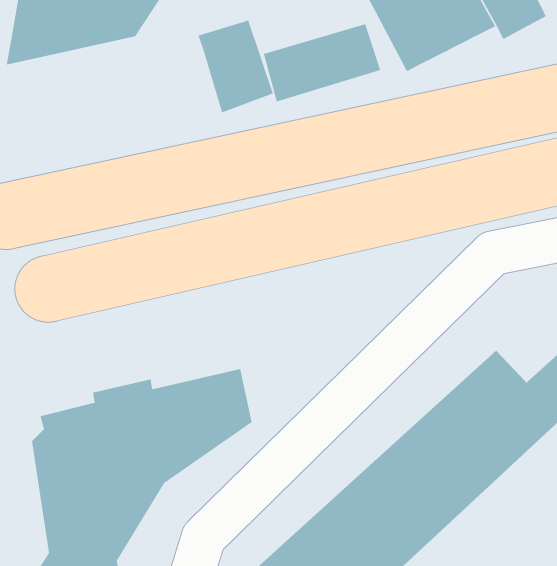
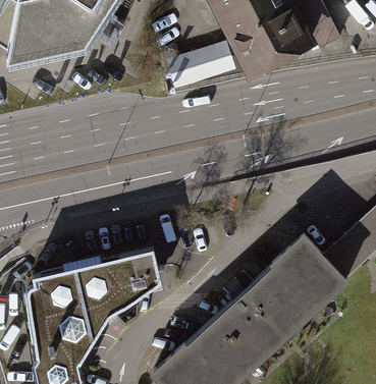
building: [198,20,274,114] -> none

